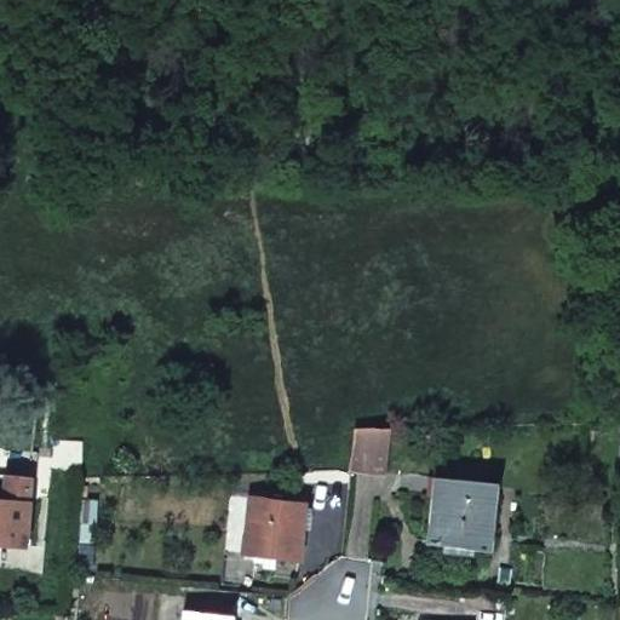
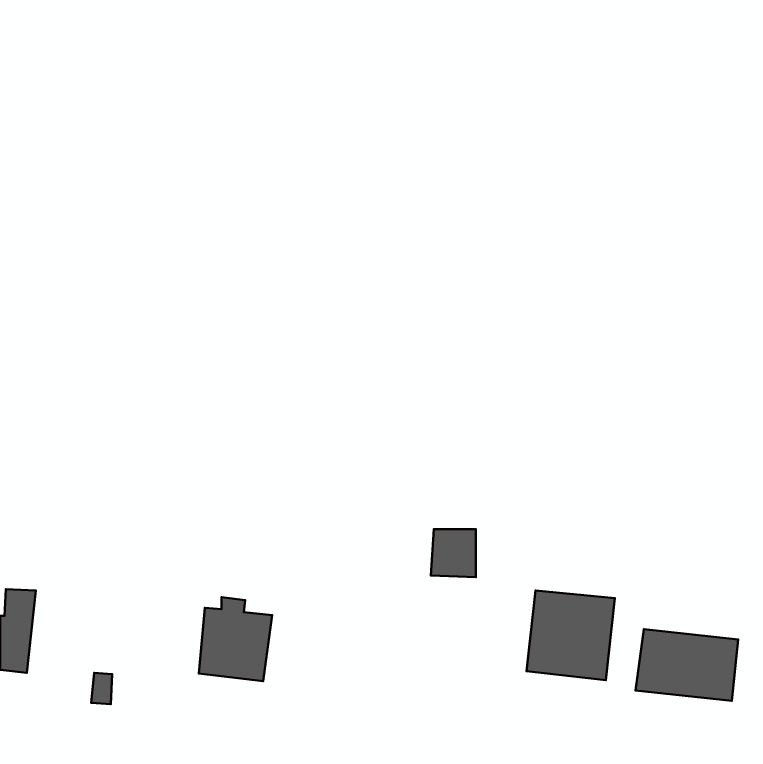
building: [246,490,305,558] -> [199,597,272,681]
building: none -> [636,629,738,701]

